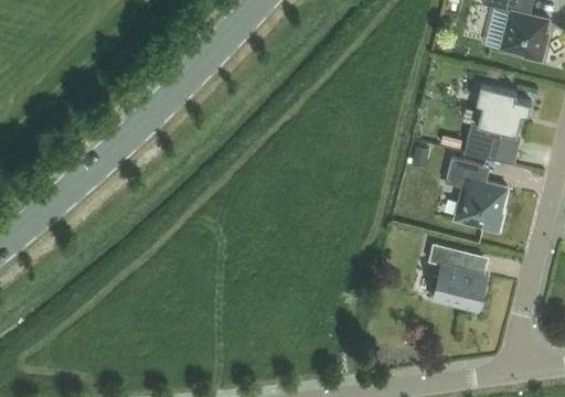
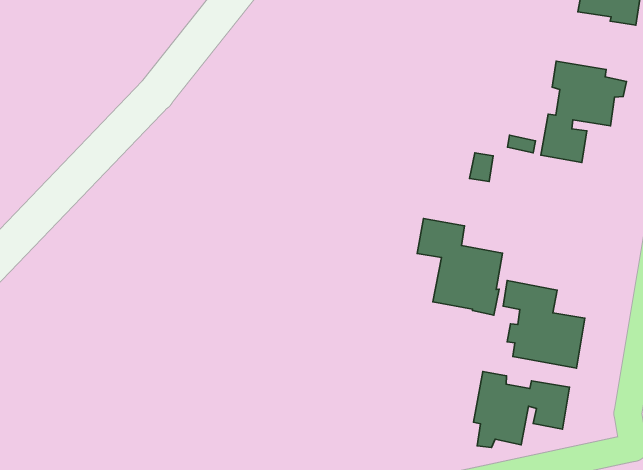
building: [446,158,509,233] -> [417,219,503,315]
building: none -> [473,371,570,447]

